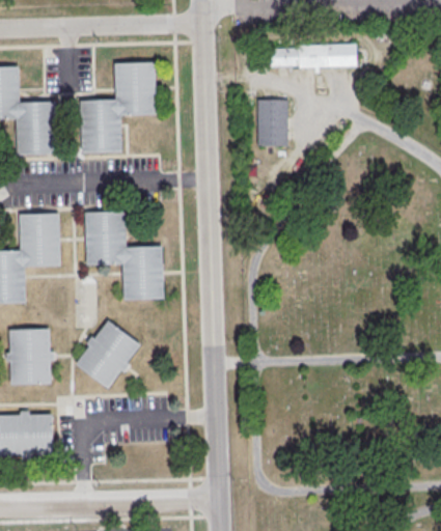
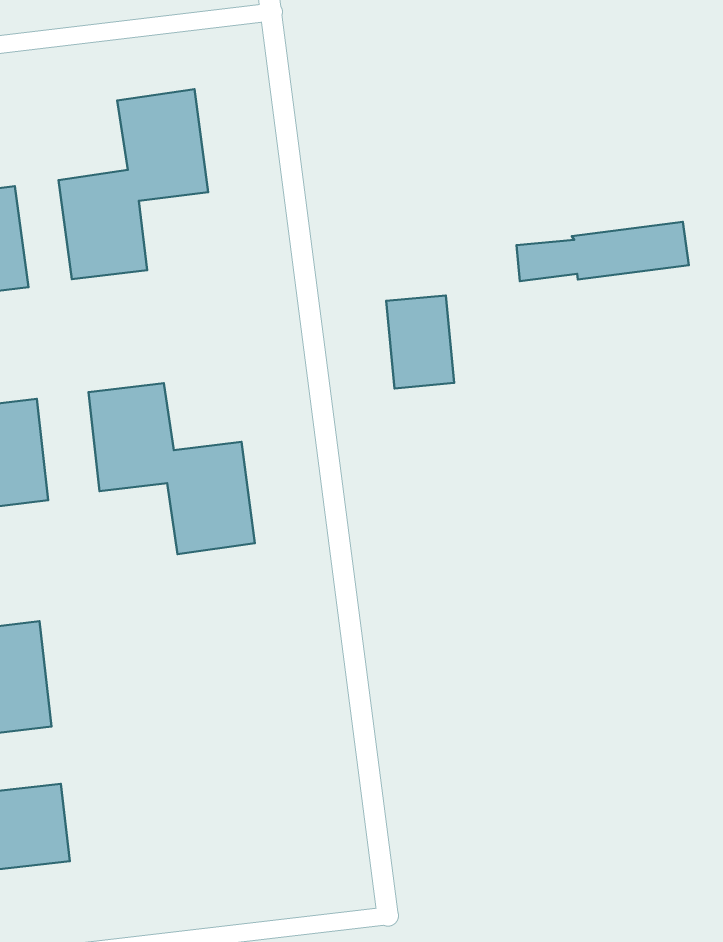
building: [271,44,359,68] -> [516,222,689,281]
building: [258,100,290,145] -> [386,295,454,388]
building: [75,319,139,387] -> none

